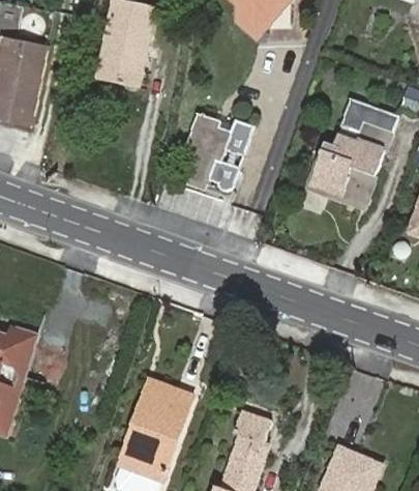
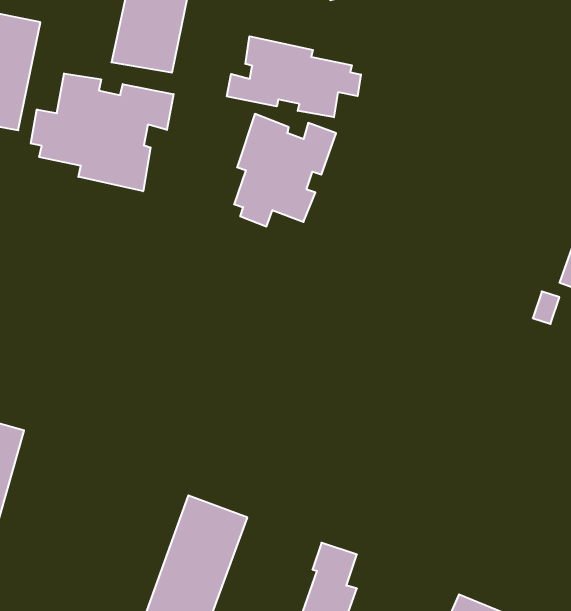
building: none -> [227,36,361,117]
building: none -> [31,73,174,191]
building: [308,99,395,202] -> none

